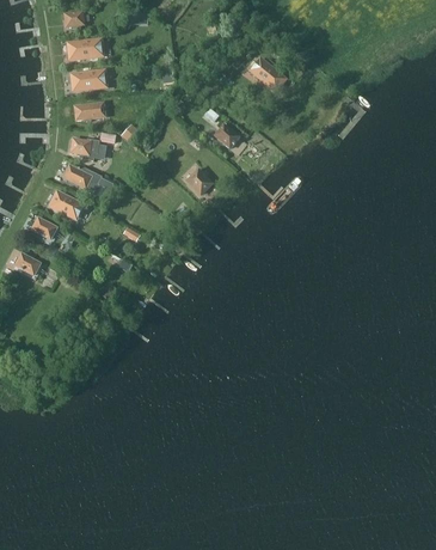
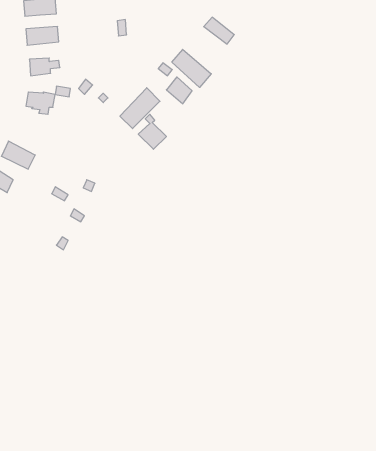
building: none -> [172,49,211,87]
building: none -> [120,88,160,129]
building: [62,163,115,195] -> none

